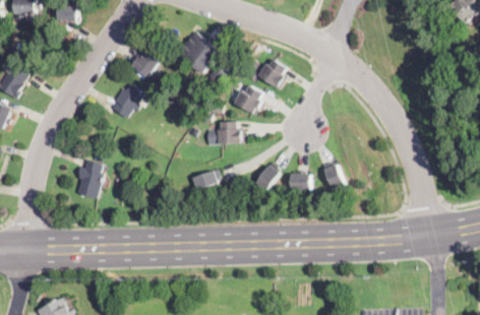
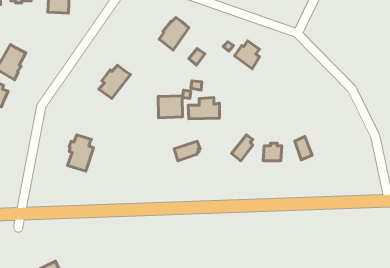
building: [129,43,164,78] -> none
building: [234,84,262,114] -> none
building: none -> [158,96,183,118]

